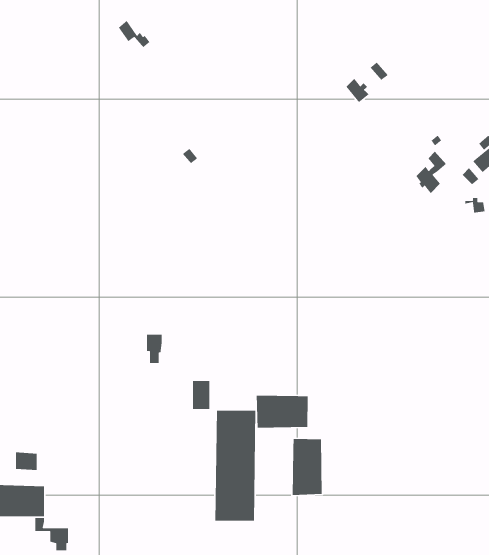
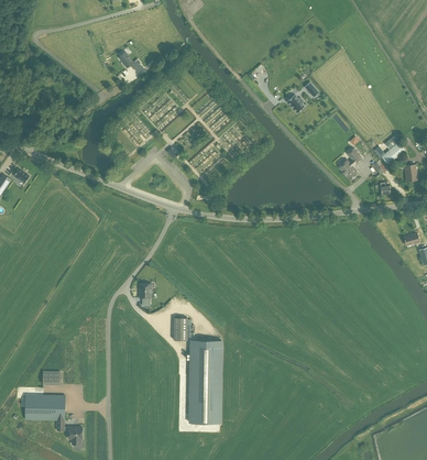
building: [256,395,309,428] -> none
building: [292,438,322,496] -> none

